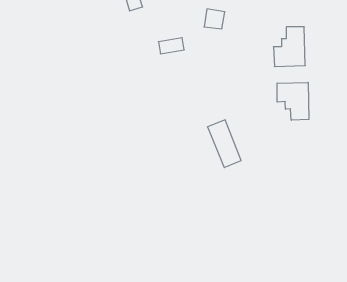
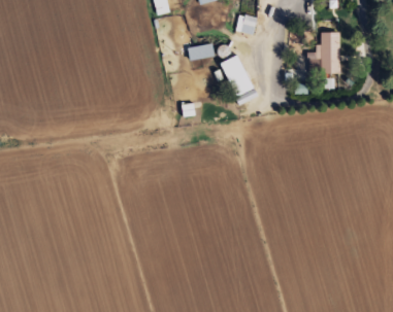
building: [277,82,309,120] -> none
building: [207,120,241,168] -> [221,55,256,104]

